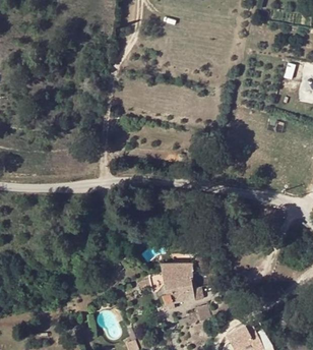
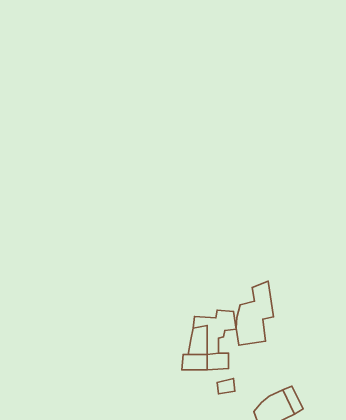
building: none -> [236,281,273,345]

